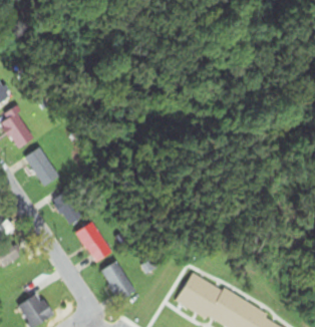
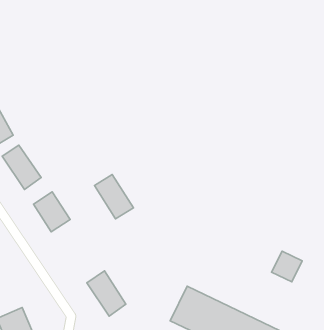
building: [75,223,110,263] -> [94,175,133,219]
building: none -> [272,251,302,282]

